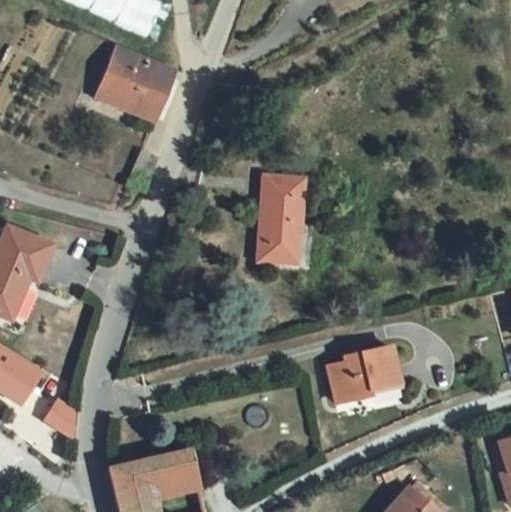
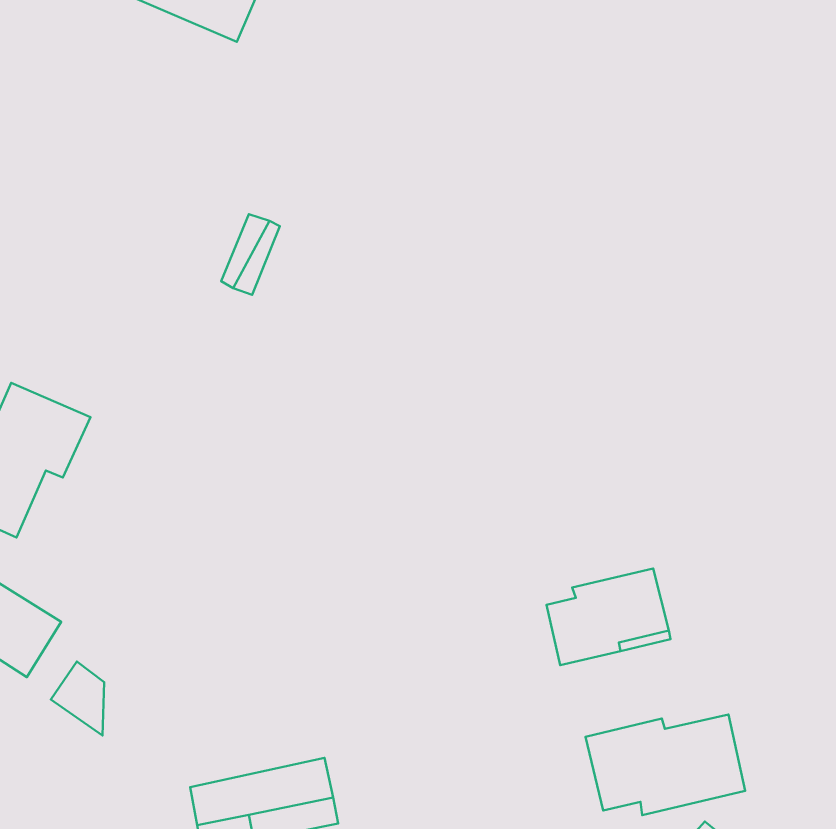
building: [93,43,169,120] -> none
building: [270,168,315,258] -> none
building: none -> [585,714,745,815]

